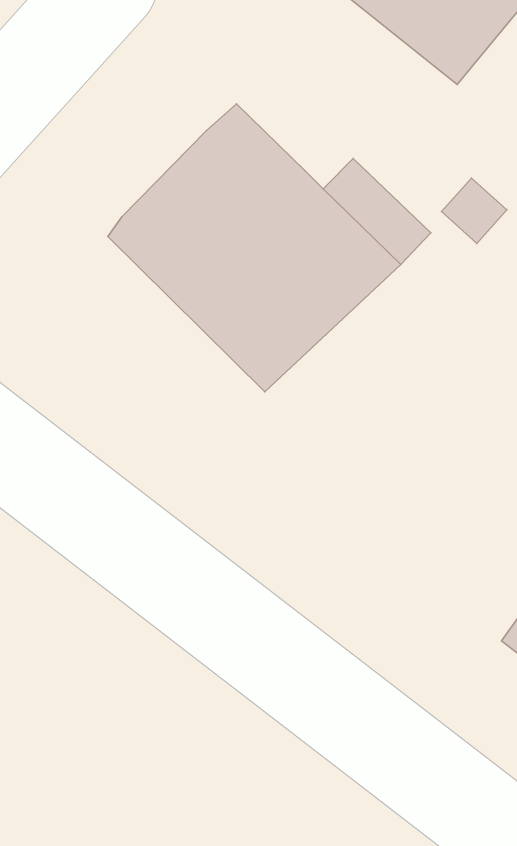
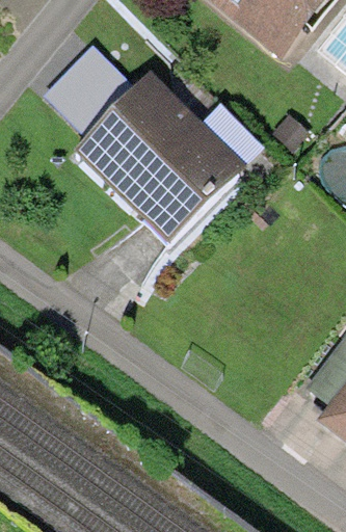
building: none -> [44,44,135,137]

